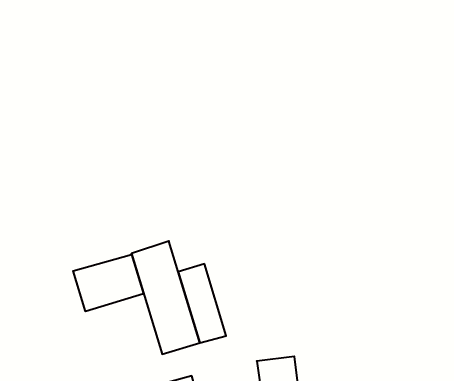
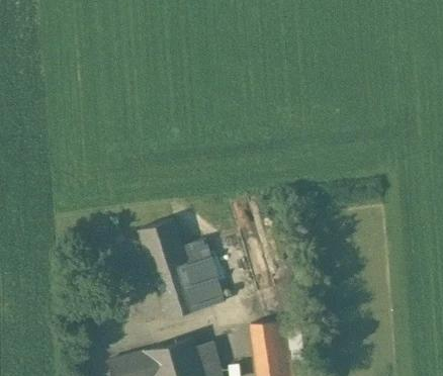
building: [73,254,144,311] -> none

